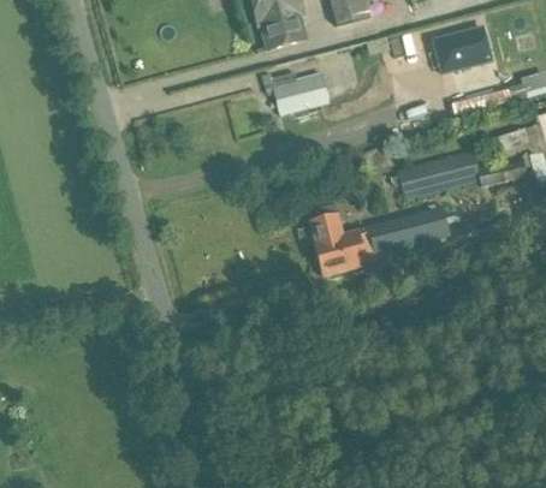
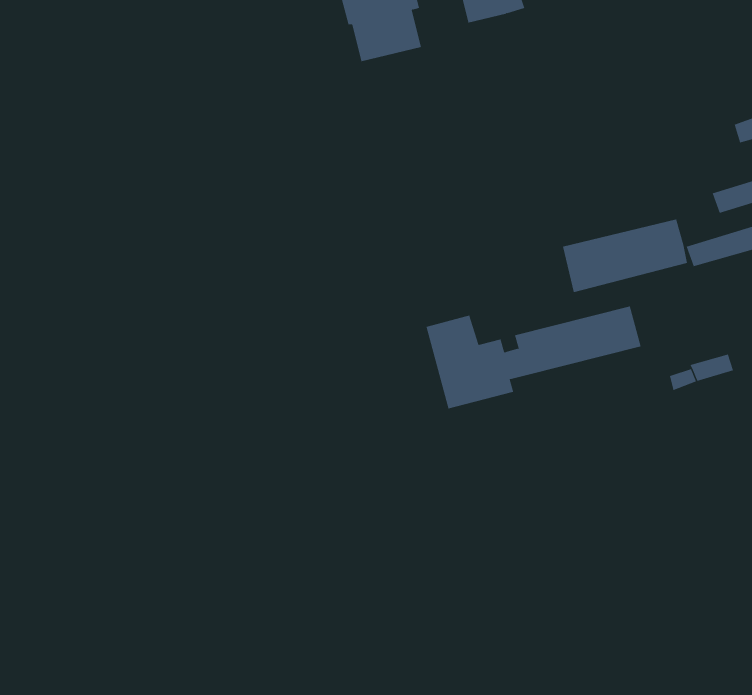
building: [433,26,487,65] -> none
building: [272,70,330,114] -> none

